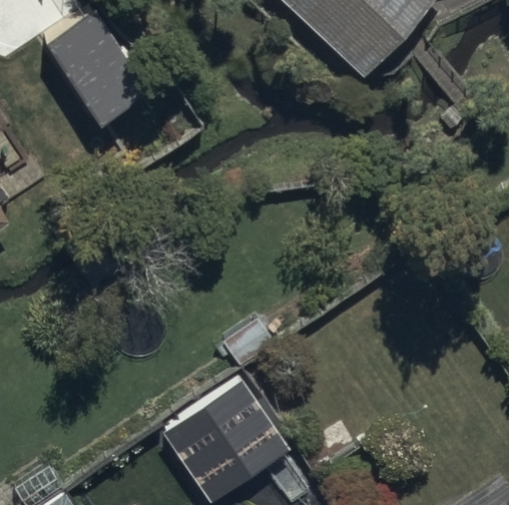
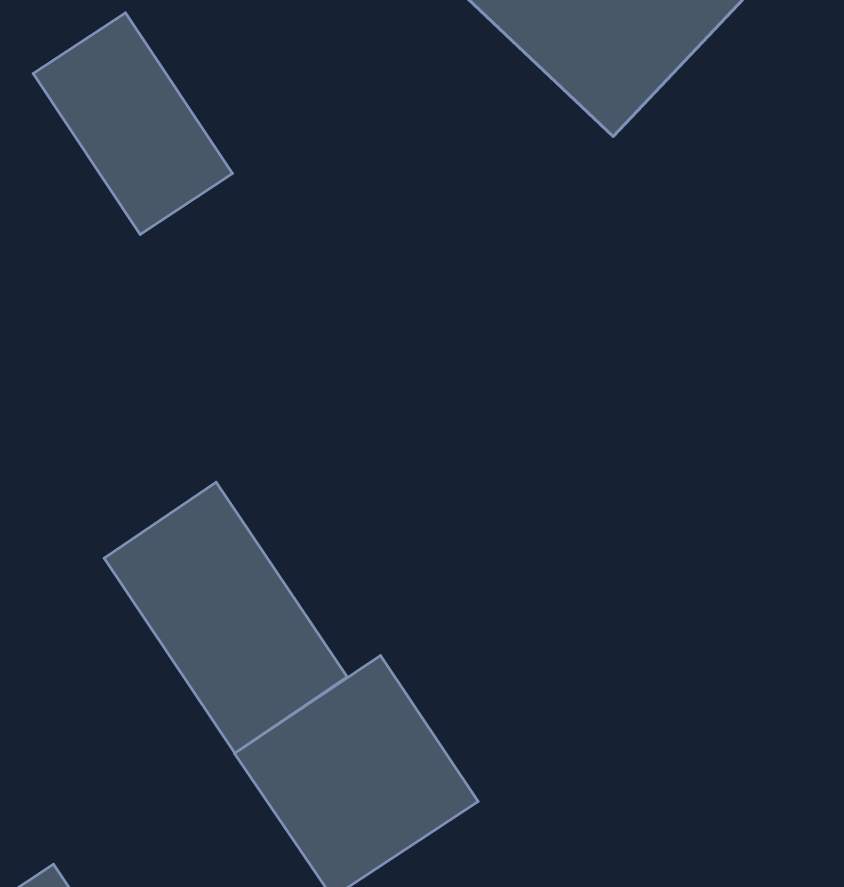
building: none -> [104,482,347,753]

